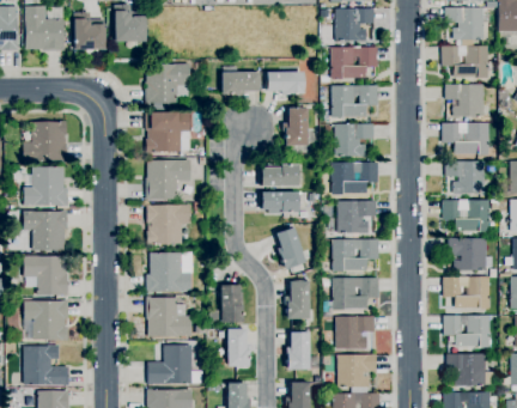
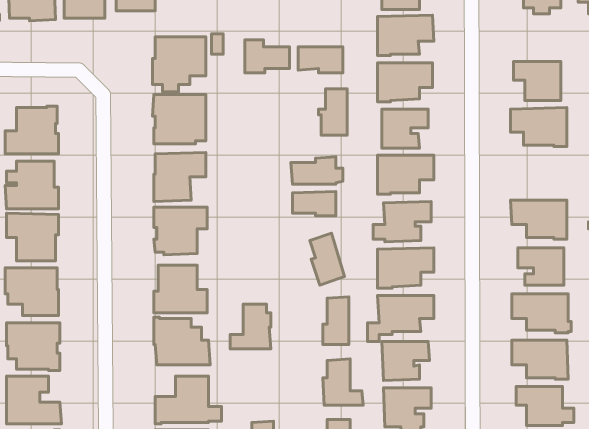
building: [442,47,487,79] -> none
building: [445,162,483,195] -> none
building: [226,328,251,366] -> none

